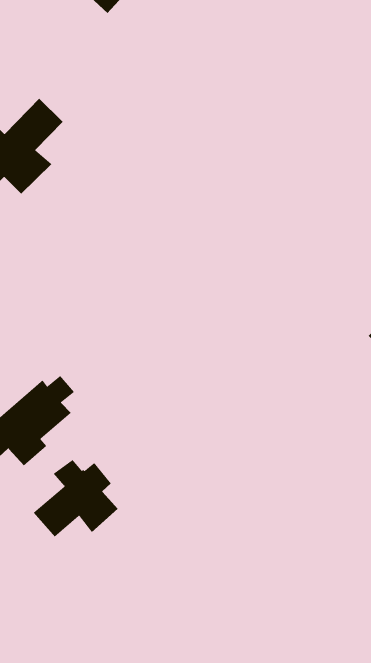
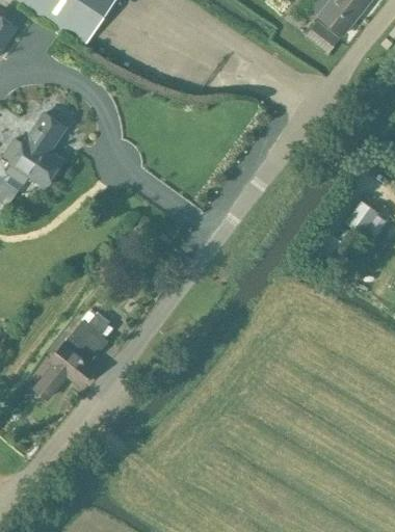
building: [33,459,118,538] -> none

